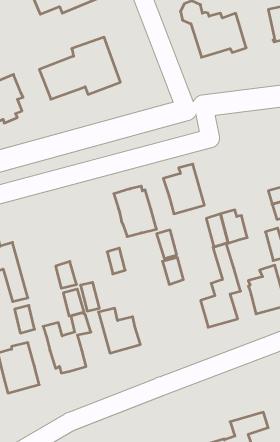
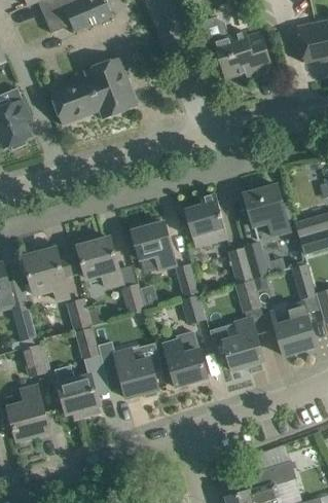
building: none -> [244,183,289,237]
building: none -> [77,237,122,286]
building: none -> [23,247,69,300]
building: none -> [162,334,207,386]

